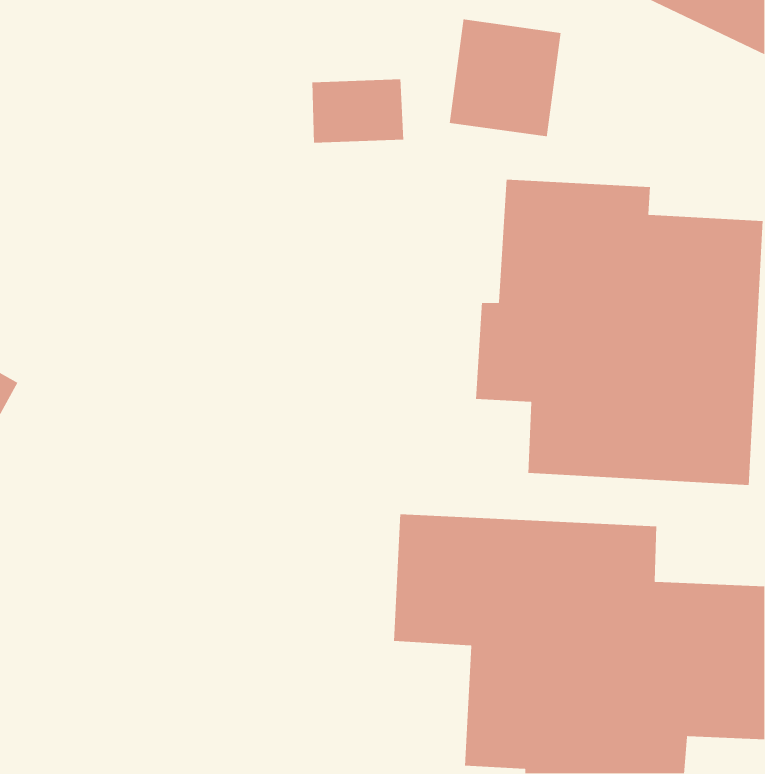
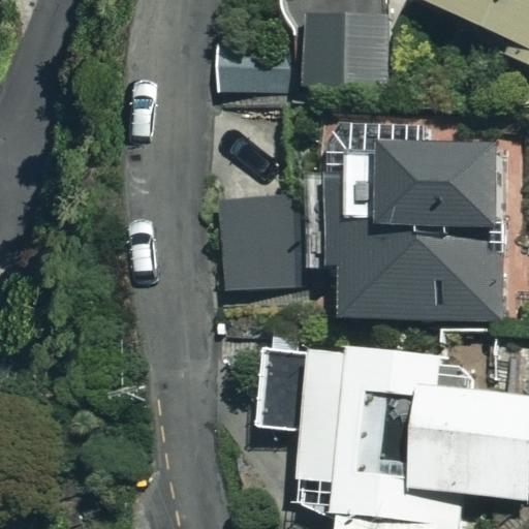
building: none -> [216,194,291,286]

